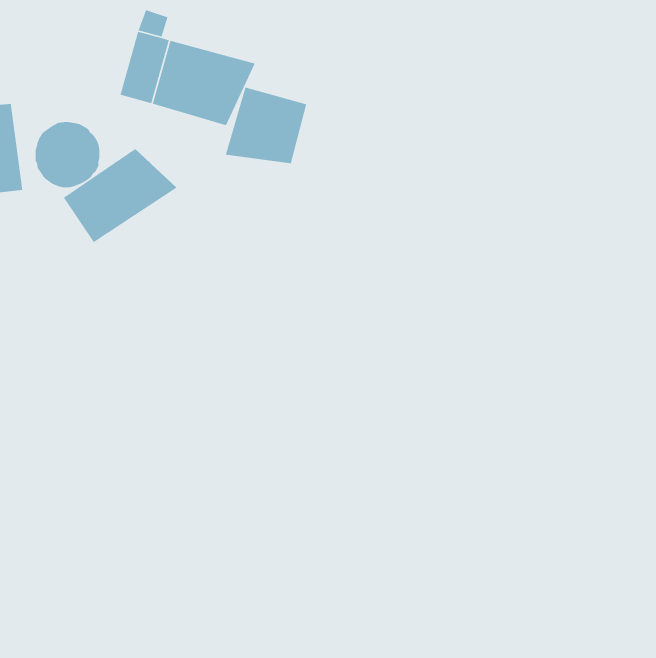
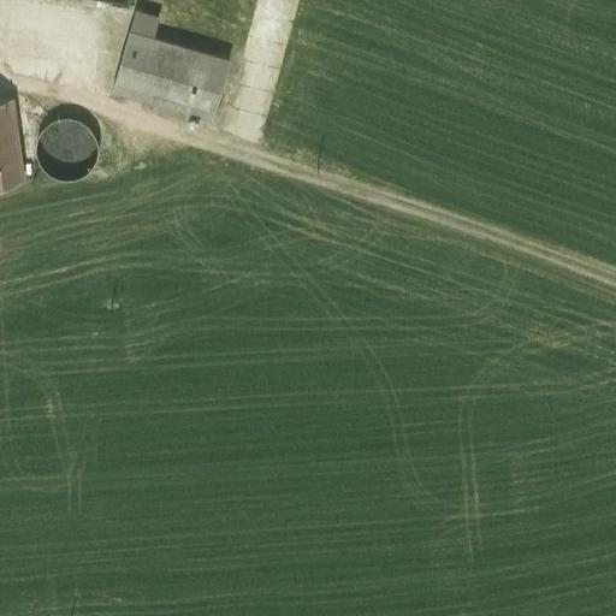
building: [225,86,307,164] -> none
building: [63,148,177,243] -> none

